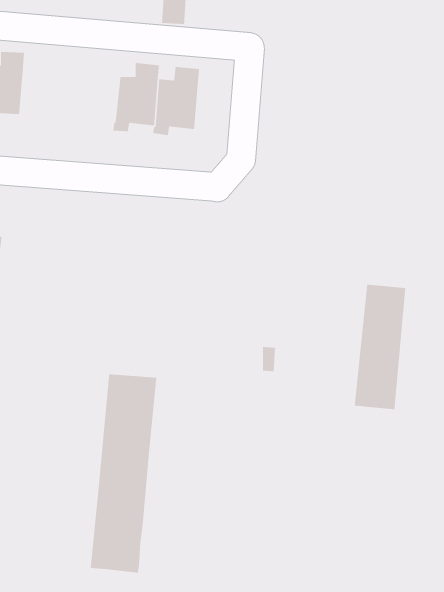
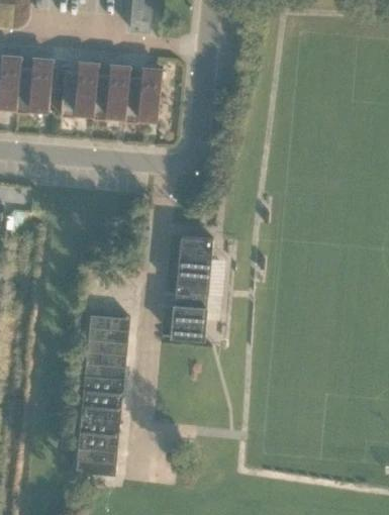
building: none -> [15,58,53,114]
building: none -> [61,62,98,118]
building: [354,284,406,410] -> [172,239,214,341]

